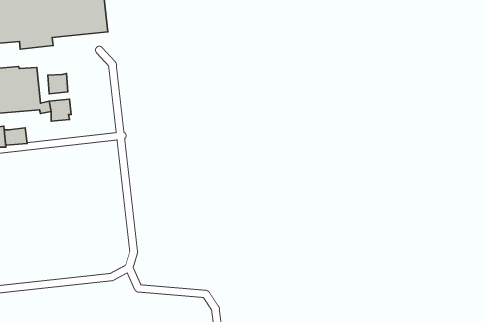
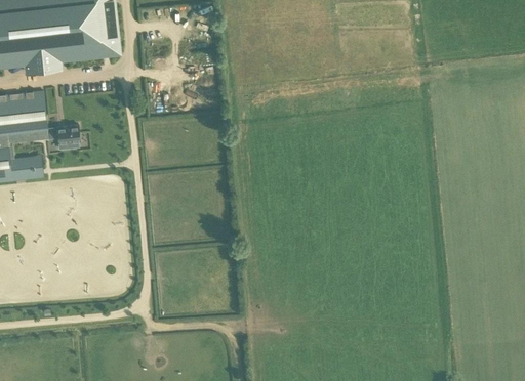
building: [48,74,68,94] -> none

